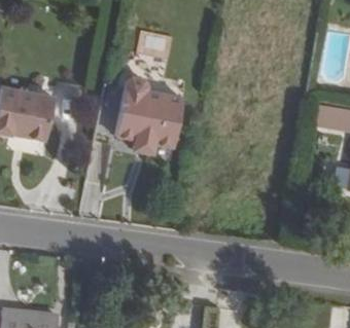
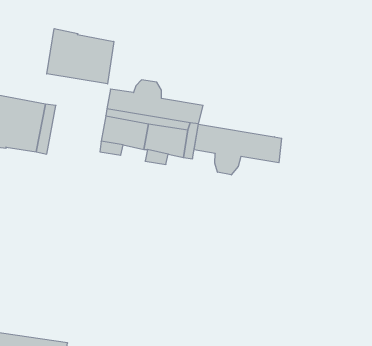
building: none -> [47,29,114,84]
building: none -> [194,124,282,175]

